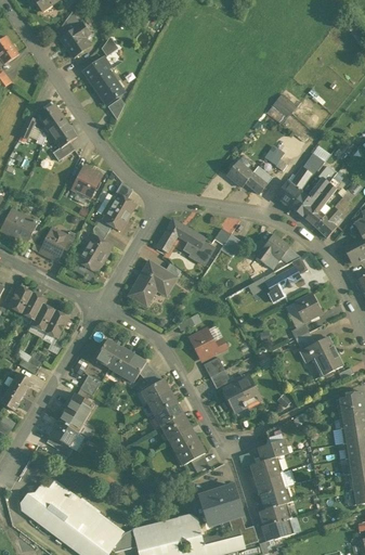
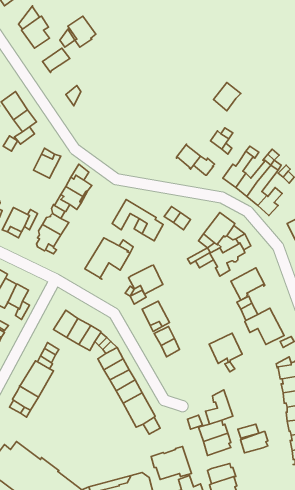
building: [92,70,122,104] -> [68,16,96,47]
building: none -> [128,265,163,294]
building: [223,376,259,409] -> [209,333,242,363]
building: [260,487,289,509] -> [241,432,268,453]

